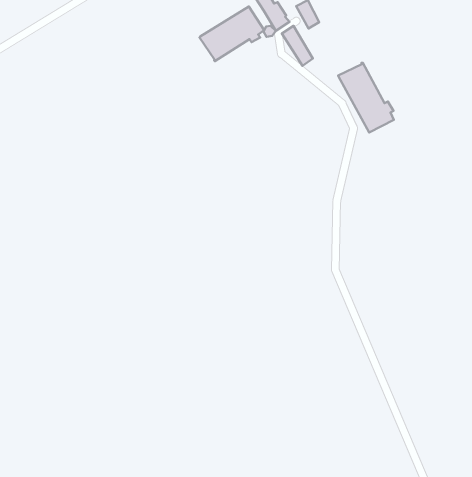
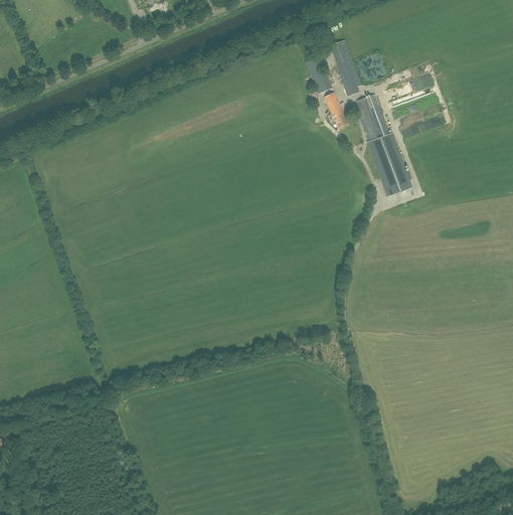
building: [200,7,264,61] -> none
building: none -> [354,93,388,140]

